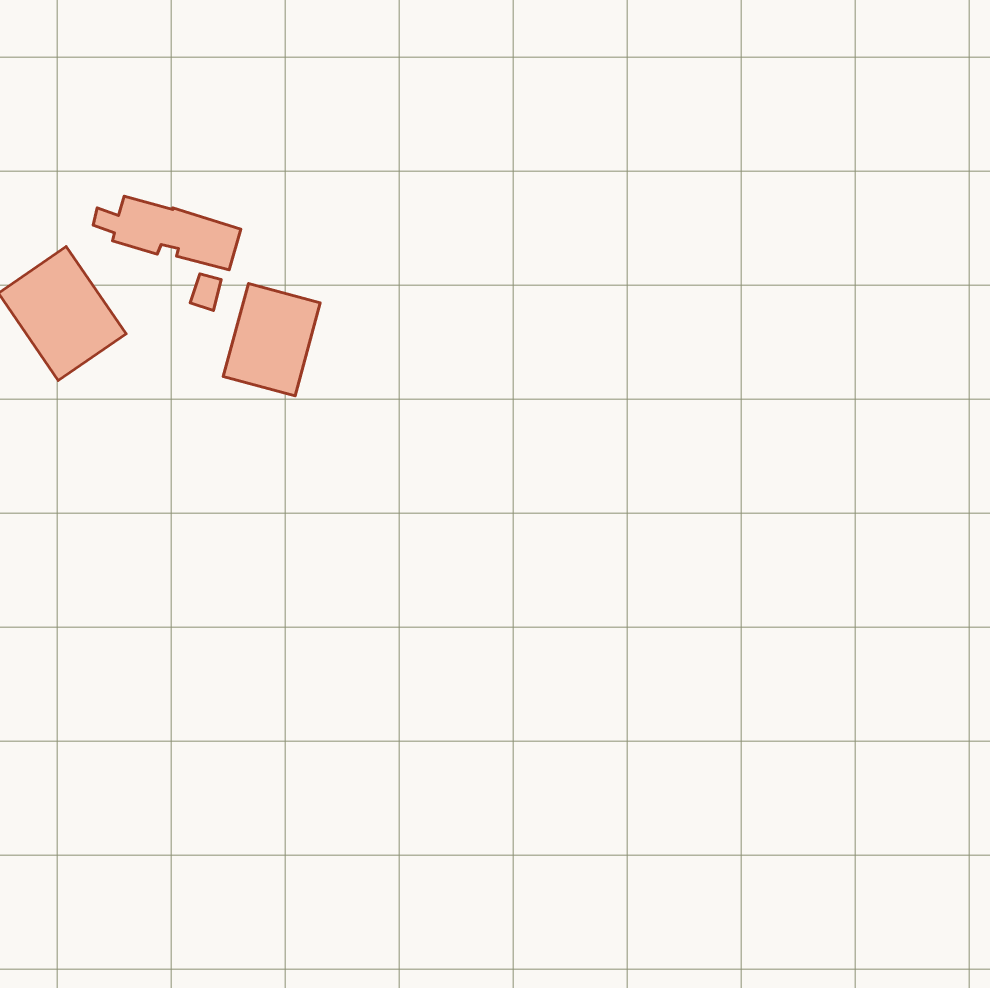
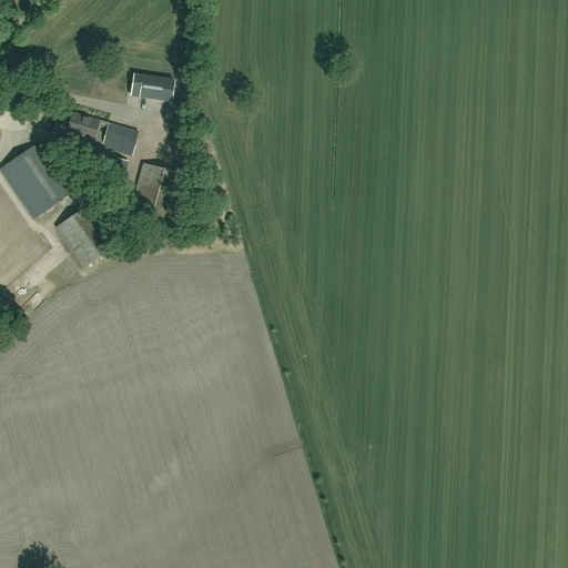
building: none -> [130,73,173,100]
building: none -> [54,207,110,267]

